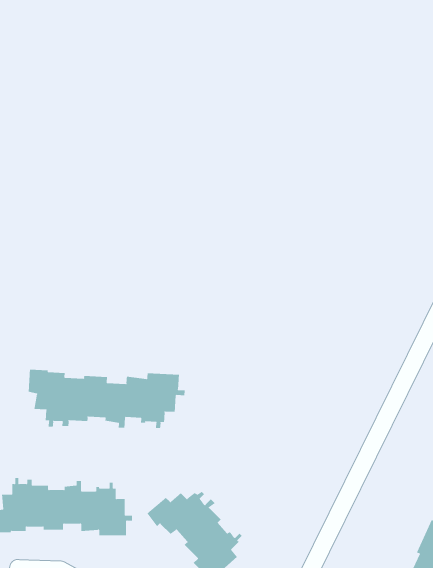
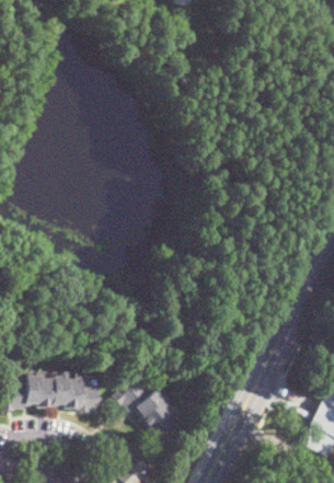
building: [28,369,185,429] -> none

